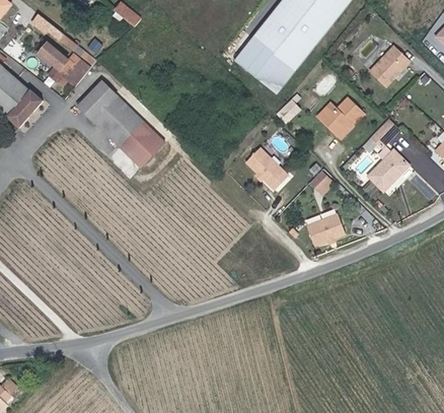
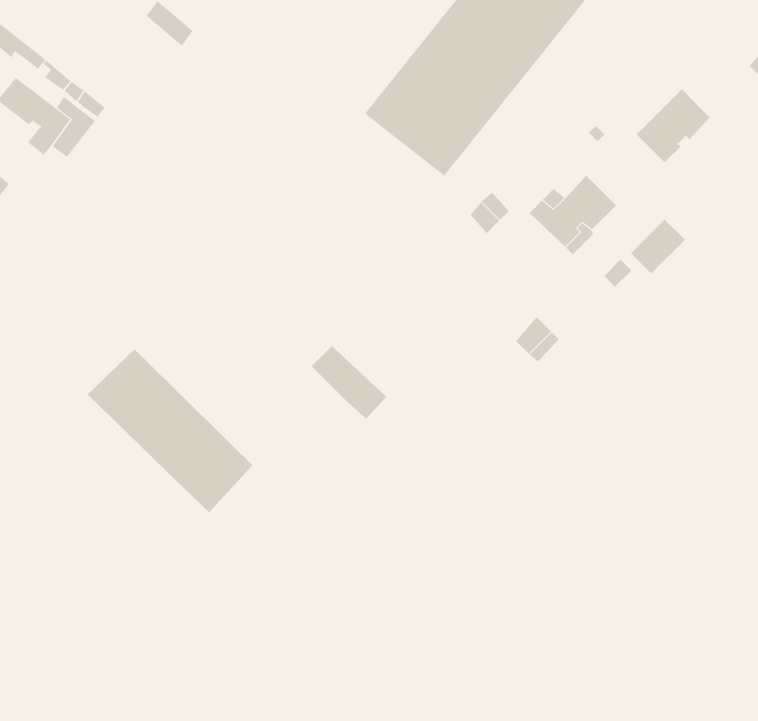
building: [76,80,164,167] -> [87,349,253,513]
building: [369,149,410,190] -> none
building: [249,151,290,191] -> [311,345,387,420]
building: [307,212,347,246] -> none

